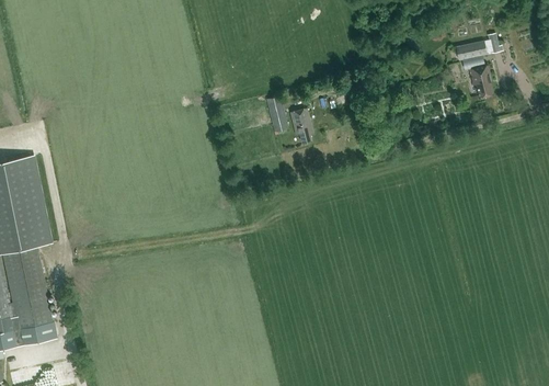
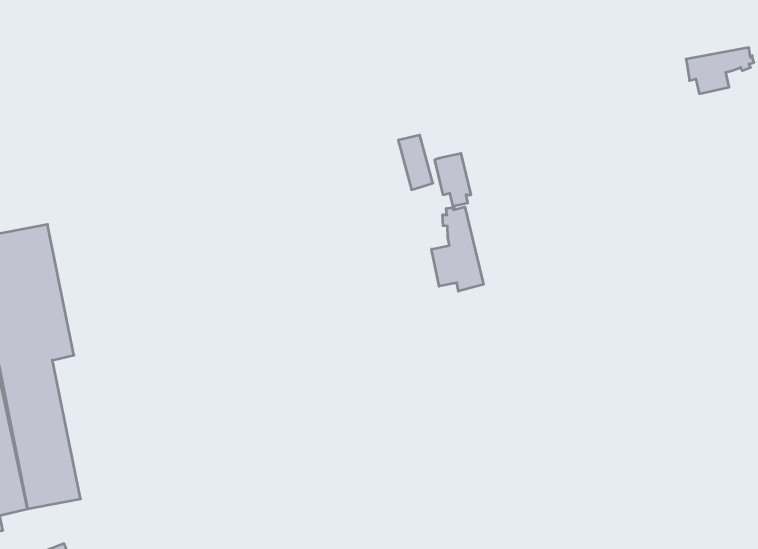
building: [469,66,492,98] -> none
building: none -> [432,207,483,291]

